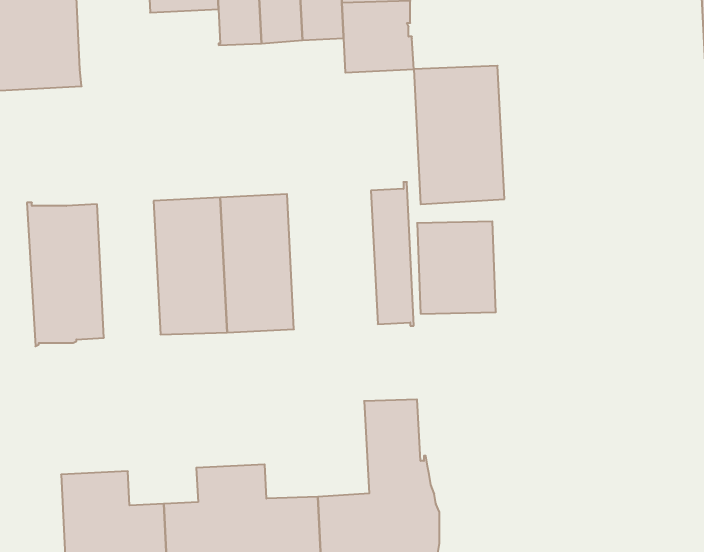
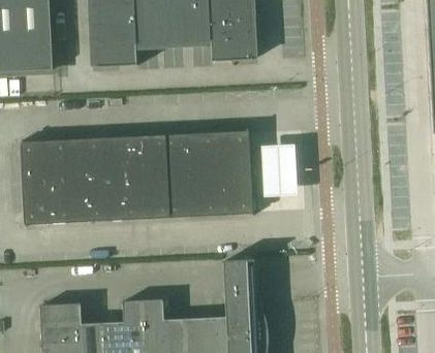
building: none -> [93,23,136,67]
building: [414,66,504,204] -> [176,132,230,216]
building: none -> [61,138,99,221]

